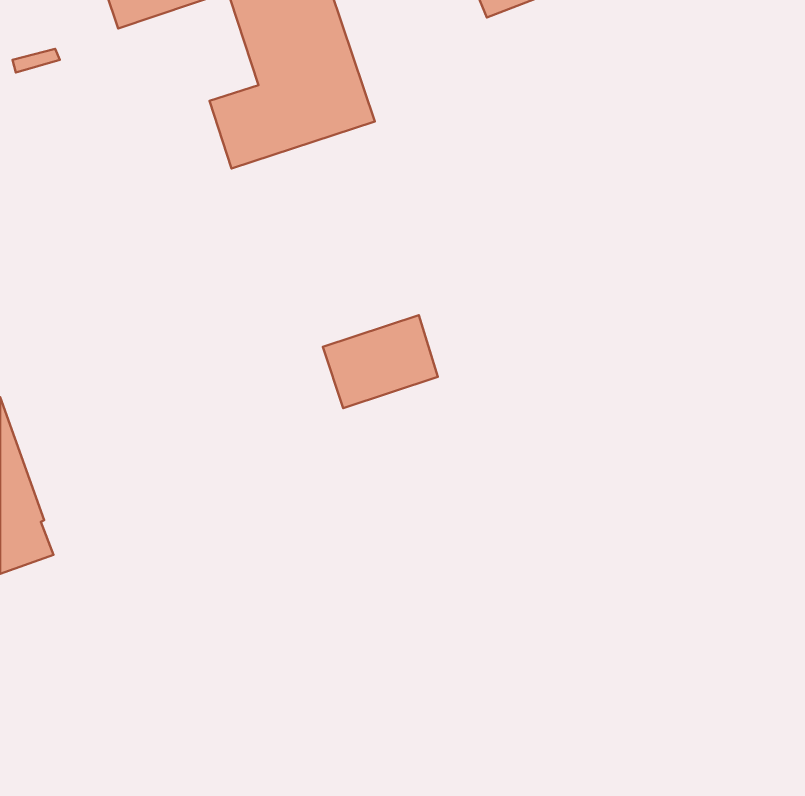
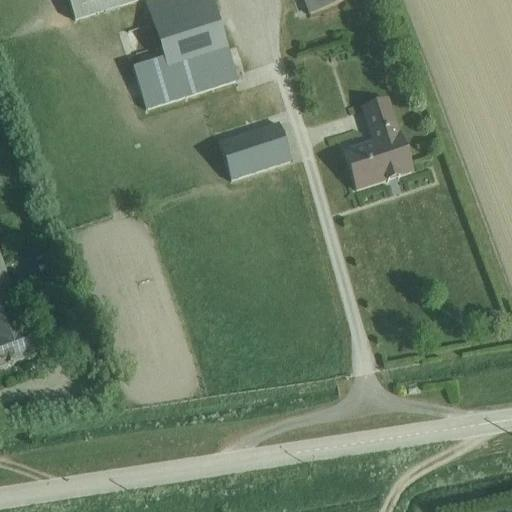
building: none -> [342,95,413,188]
building: [323,315,438,408] -> [218,119,291,178]

